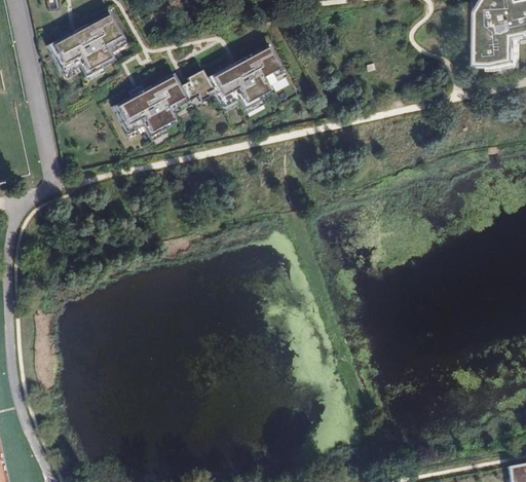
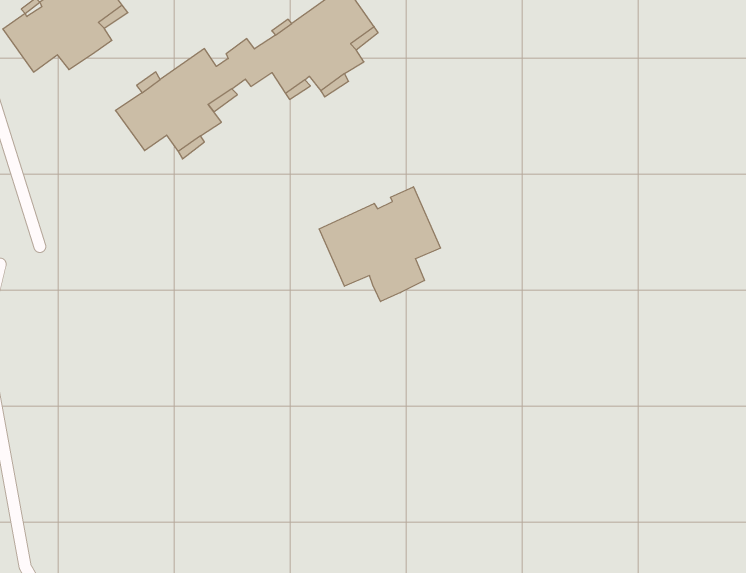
building: none -> [319,187,441,302]

